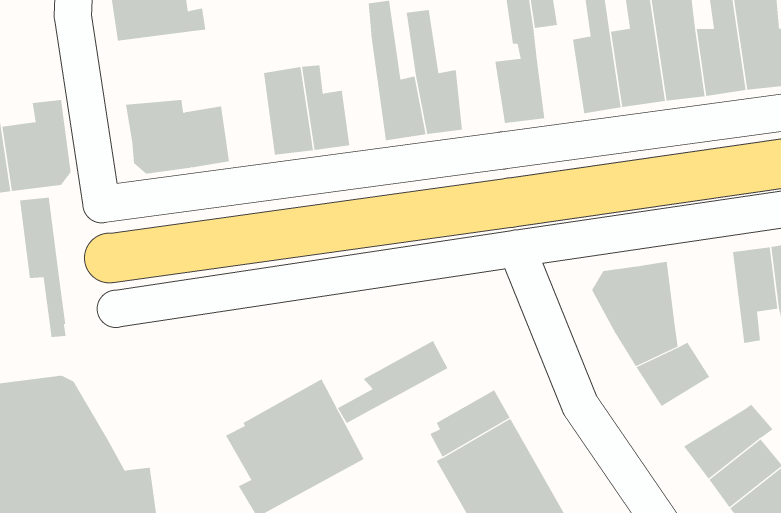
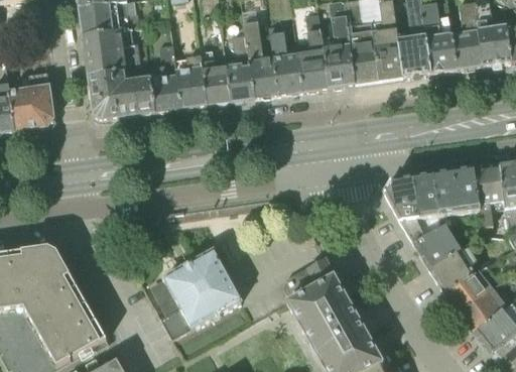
building: none -> [298,22,330,92]
building: none -> [84,29,141,76]
building: none -> [227,33,254,102]
building: none -> [351,34,380,85]
building: none -> [149,44,183,112]
building: [19,197,66,338] -> none
building: none -> [433,169,480,230]
building: [337,340,448,424] -> none
building: none -> [429,245,483,293]

